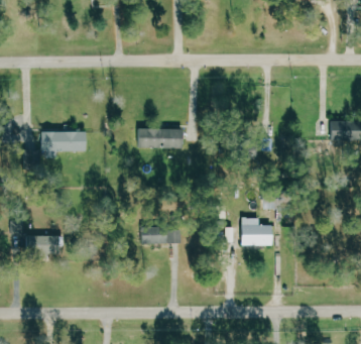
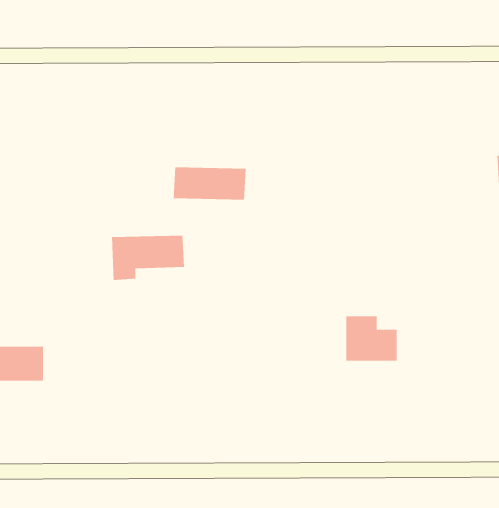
building: [41,131,86,158] -> [111,235,185,280]
building: [141,227,166,245] -> none

